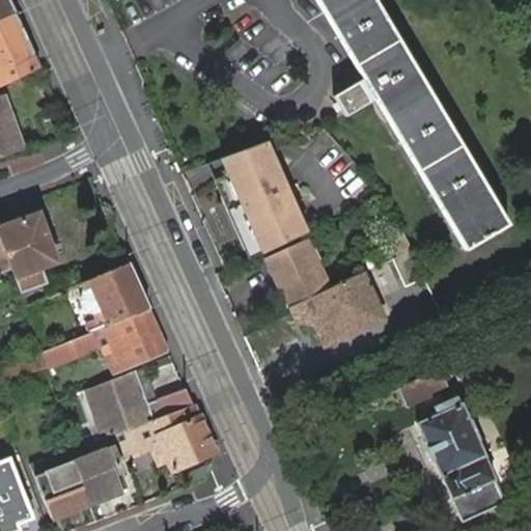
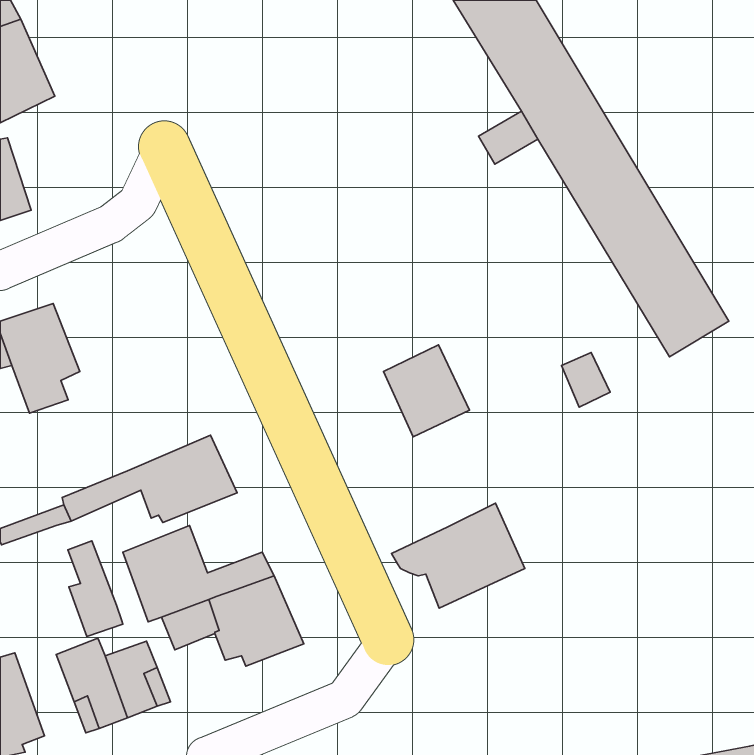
building: [209,142,308,260] -> none
building: [84,261,149,331] -> none
building: [291,272,385,345] -> [392,503,525,608]
building: [396,371,498,524] -> none
building: none -> [68,541,123,636]

